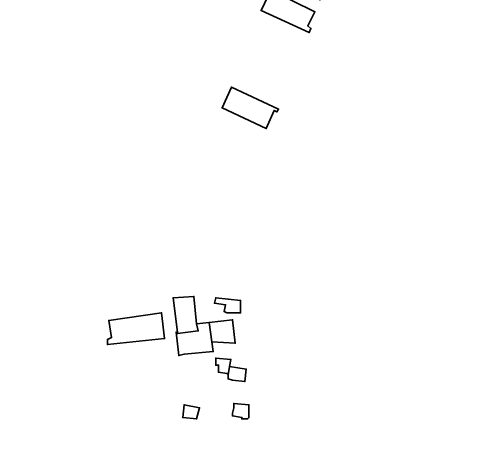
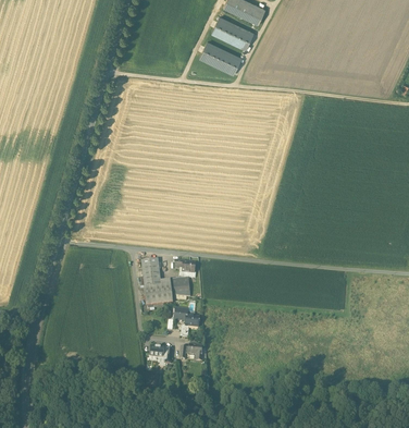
building: [222,87,278,128] -> [199,41,244,74]
building: [108,313,164,345] -> none

